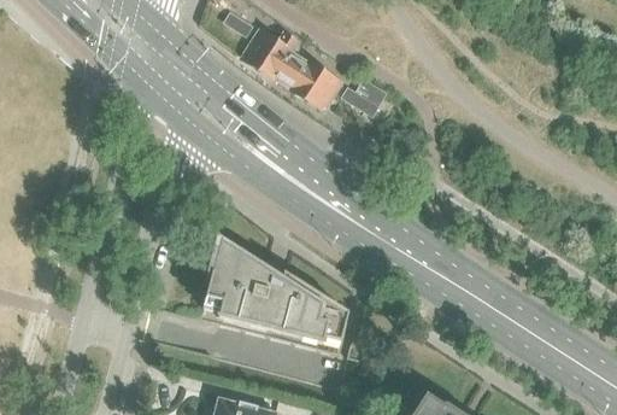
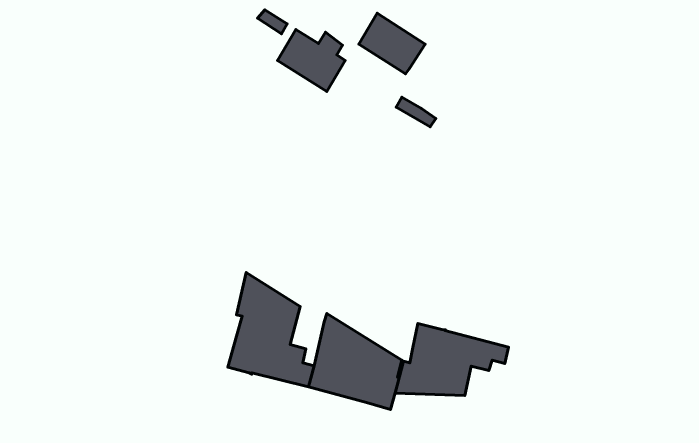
building: [286,55,342,107] -> [359,13,425,74]
building: none -> [395,323,508,395]

